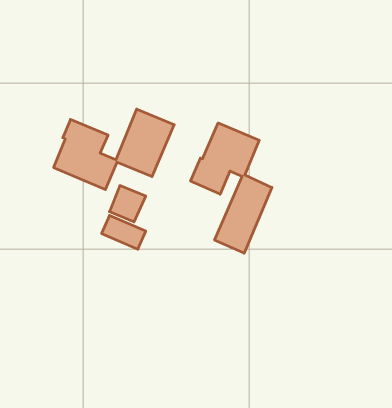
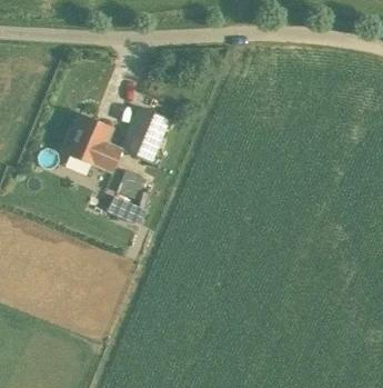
building: [191,123,272,253] -> none

